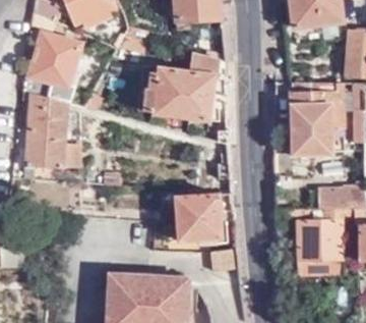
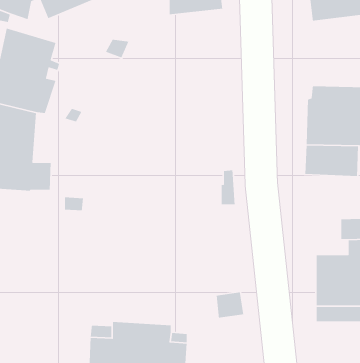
building: [150,49,220,118] -> none
building: [175,193,237,243] -> none

